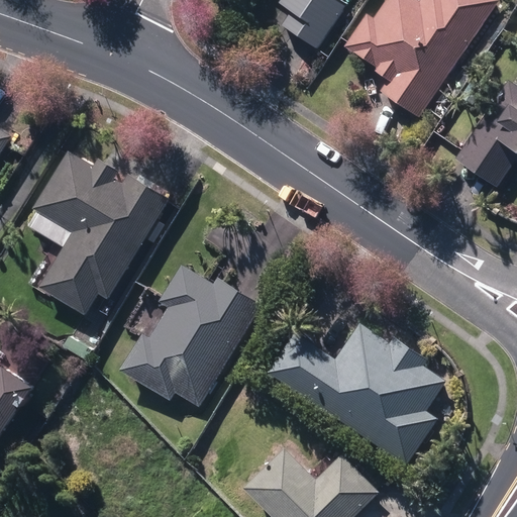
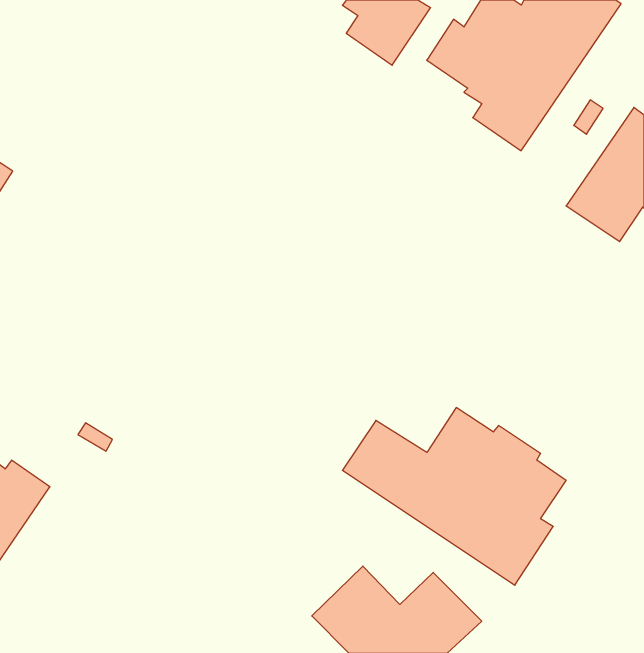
building: [35,152,168,315] -> none
building: [122,265,262,406] -> none

